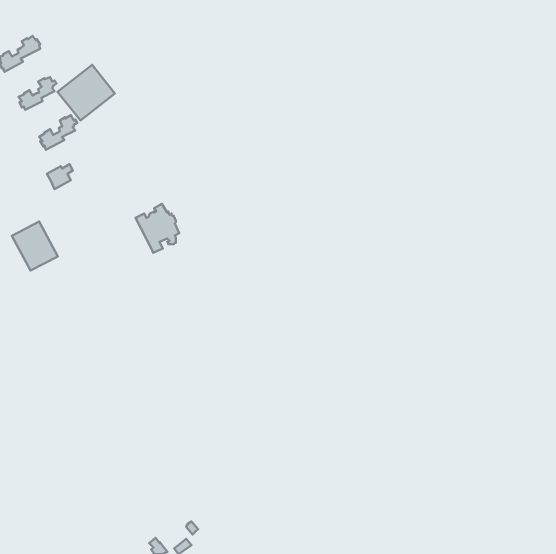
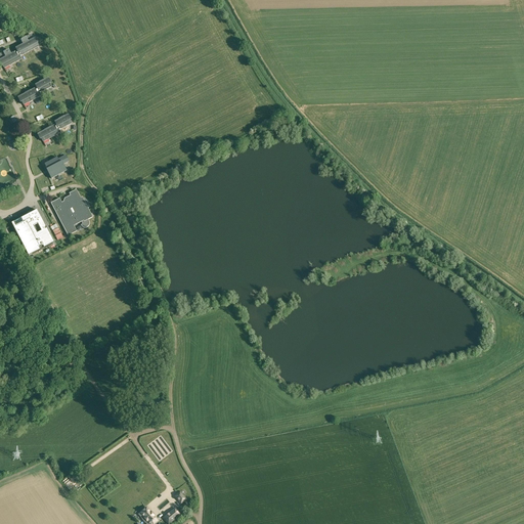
building: [58,65,115,121] -> none
building: [136,204,179,253] -> [51,188,92,234]

